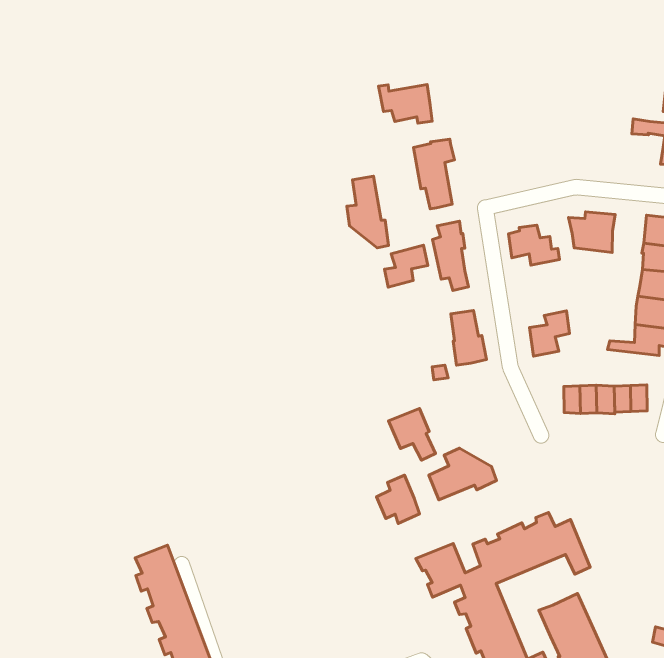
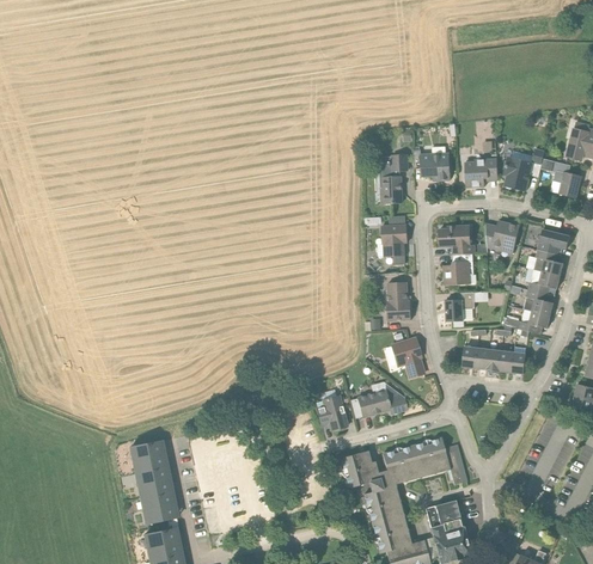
building: [378,84,432,123] -> [414,149,450,180]
building: none -> [505,148,545,191]
building: none -> [465,158,499,188]
building: [347,176,389,248] -> none
building: [384,245,428,287] -> none
building: none -> [444,253,475,286]
building: [388,408,435,460] -> [392,338,423,376]

